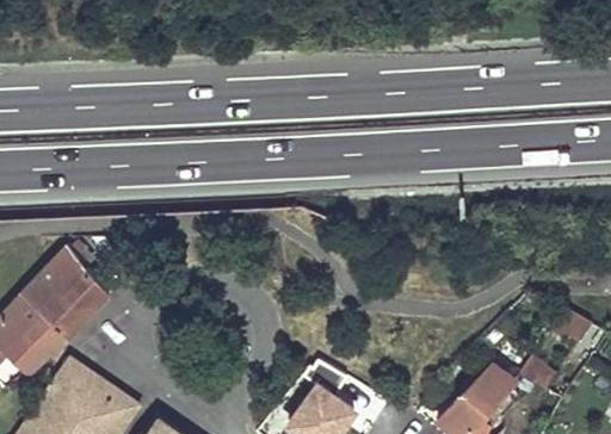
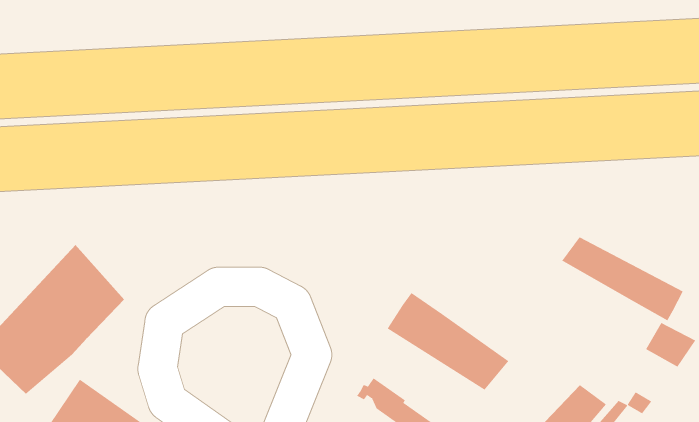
building: none -> [562,237,684,321]
building: none -> [387,292,509,391]

